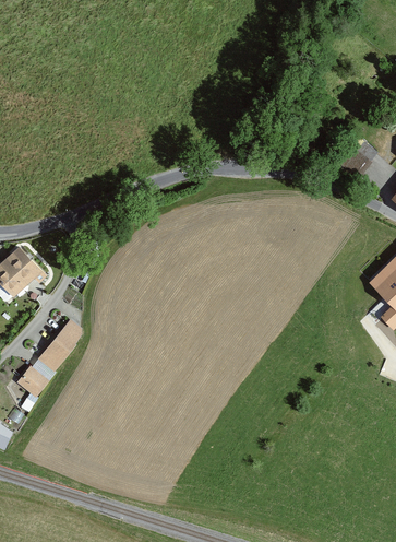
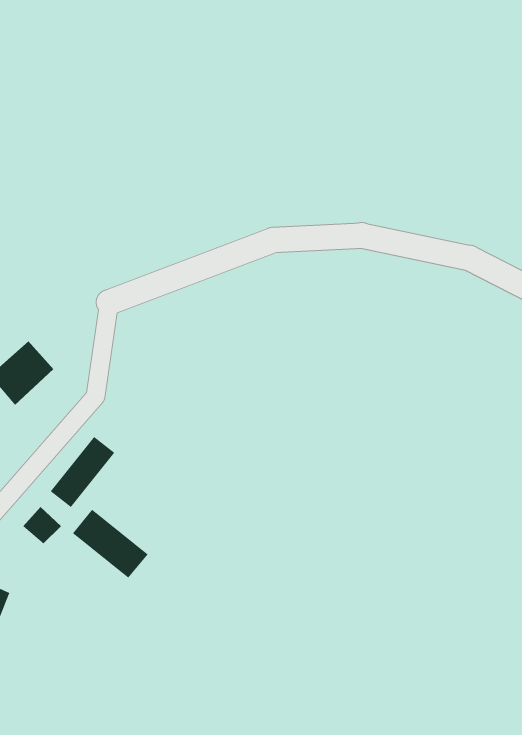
building: none -> [72,509,148,579]

